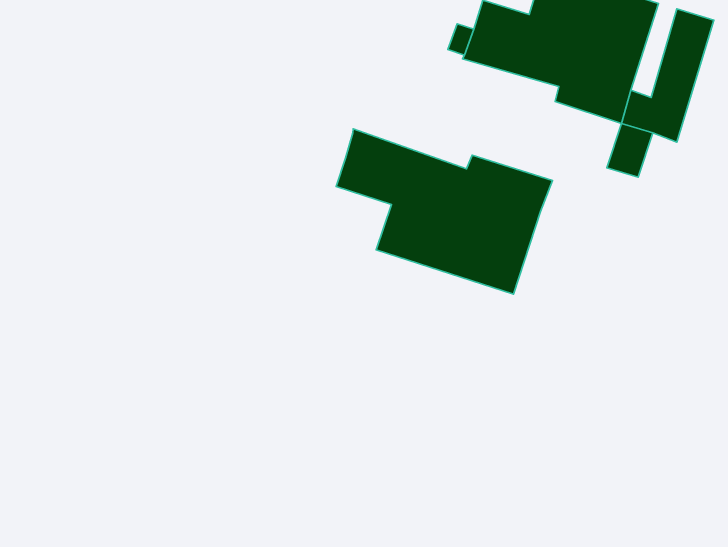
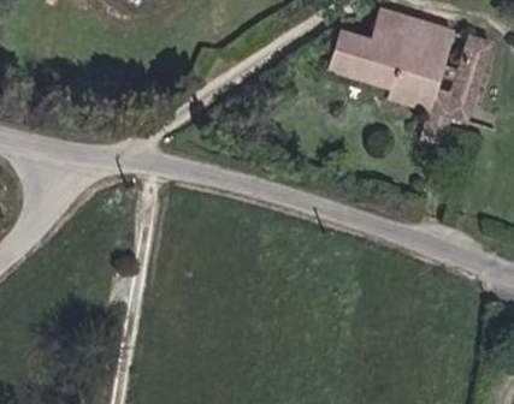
building: [336,129,552,294] -> none

